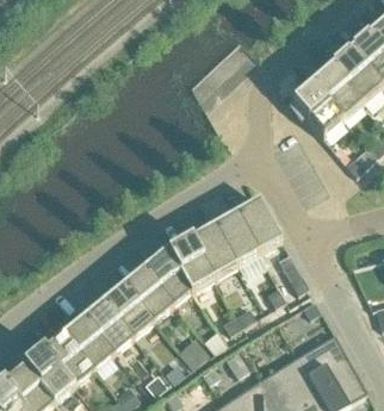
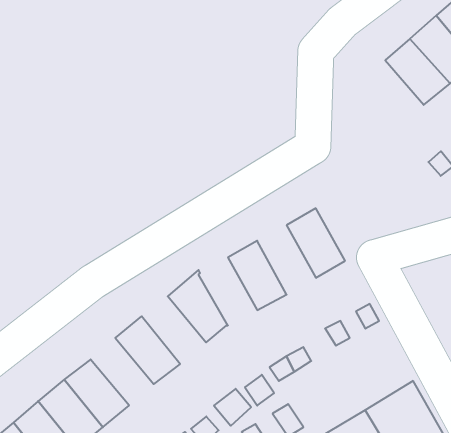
building: [292,86,342,138] -> none
building: [213,213,259,267] -> none
building: [168,238,213,292] -> none
building: [124,268,174,320] -> none
building: [85,300,134,353] -> none

